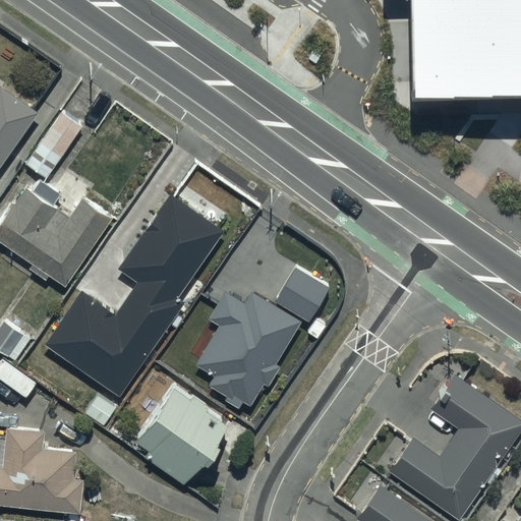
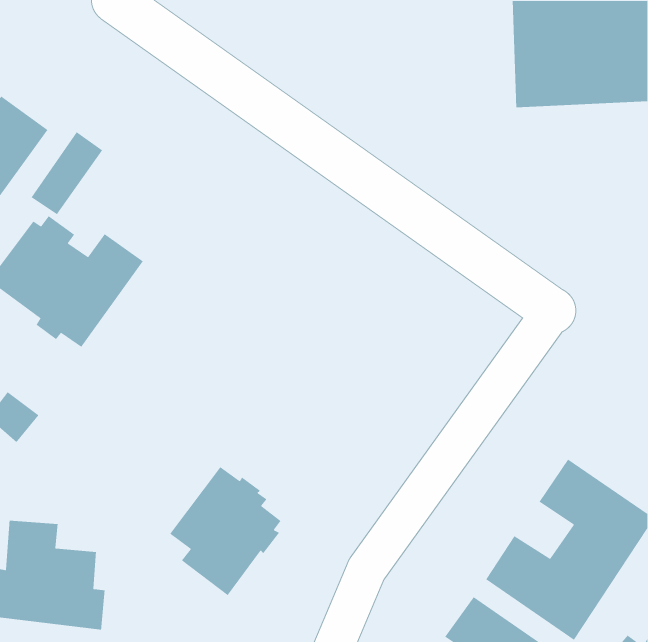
building: [44,200,223,403] -> none
building: [273,275,327,329] -> none
building: [194,300,300,418] -> none

